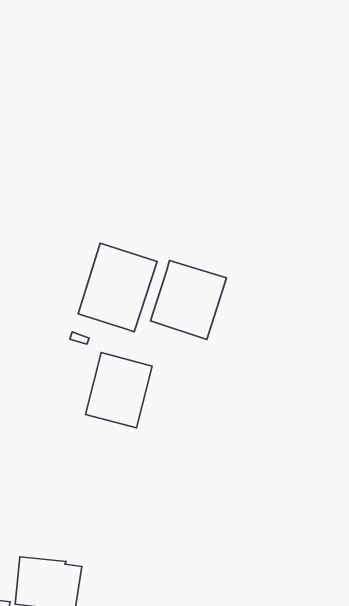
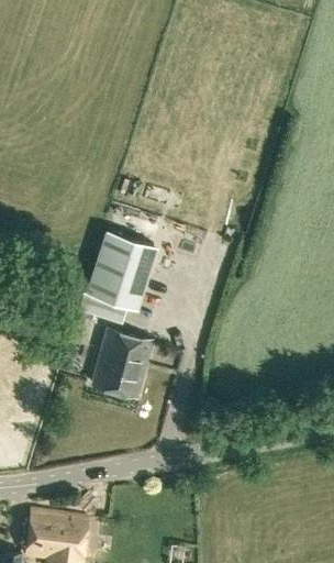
building: [151,260,227,339] -> none

